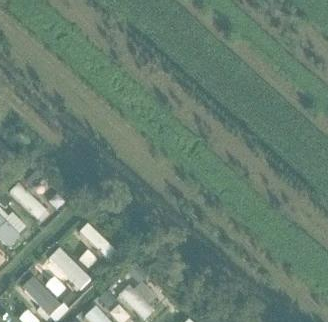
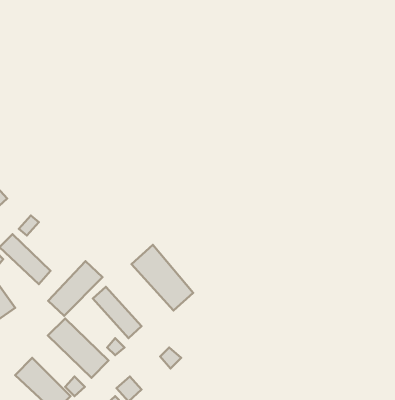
building: none -> [132,245,193,311]
building: none -> [48,261,103,316]

